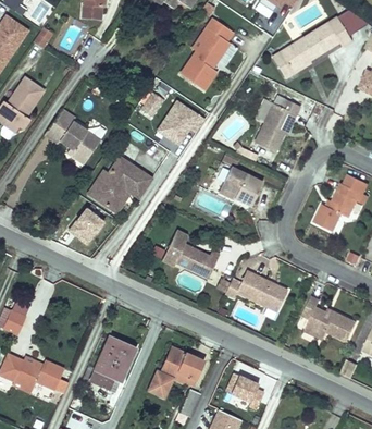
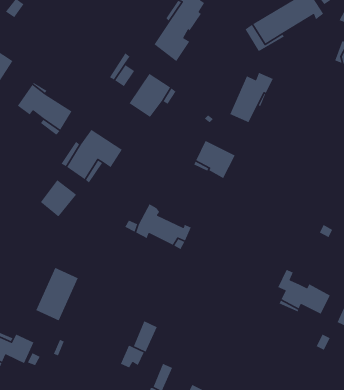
building: [314,183,363,231] -> none
building: [226,271,288,307] -> none
building: [89,339,133,393] -> [35,267,79,321]
building: [173,354,202,385] -> none
building: [225,373,264,410] -> none

